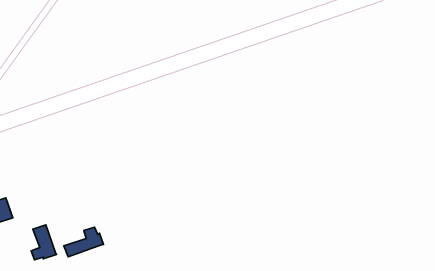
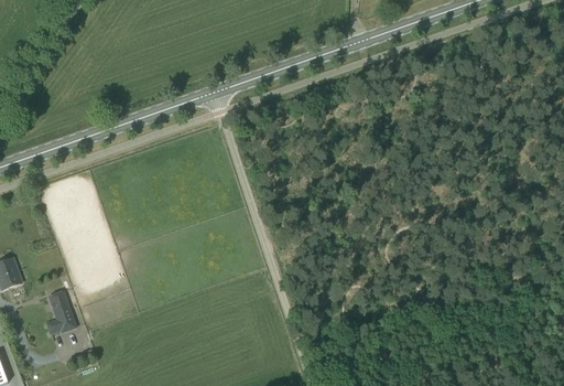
building: [64,227,104,257] -> none

